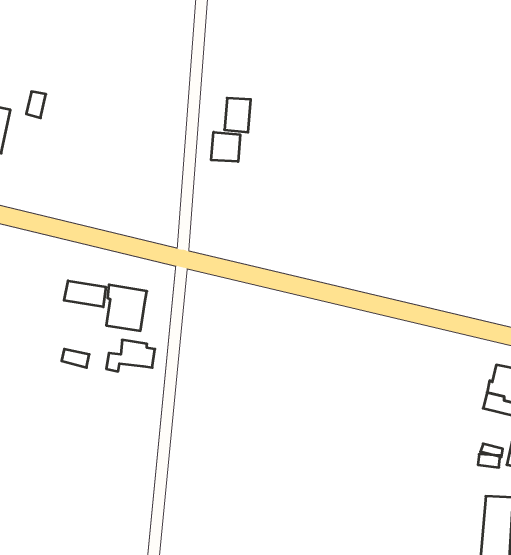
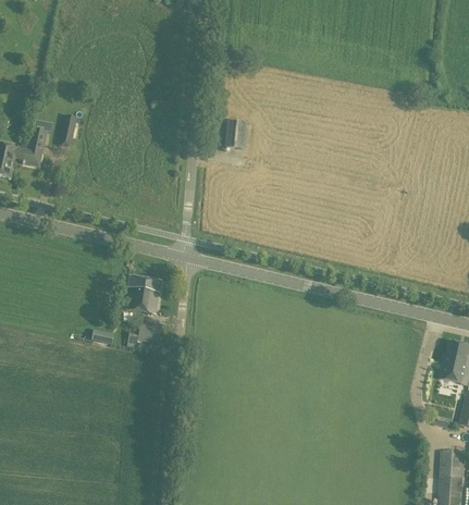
building: [211,132,240,162] -> none
building: [64,281,106,307] -> none

